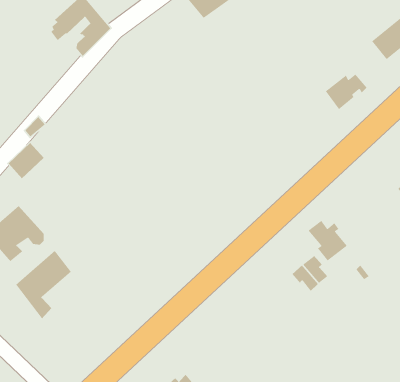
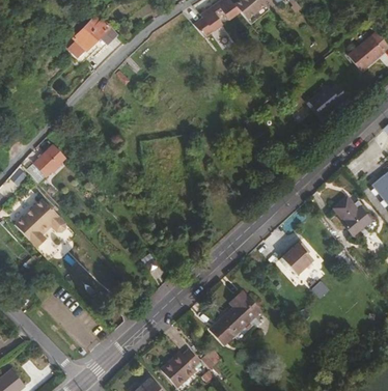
building: [307,220,348,261] -> [336,198,371,234]
building: [15,250,72,320] -> none
building: none -> [213,289,260,340]

